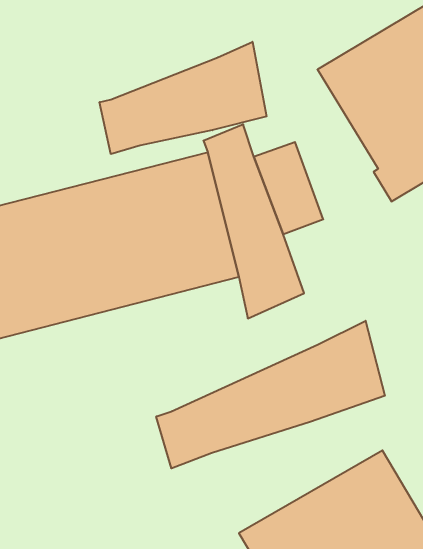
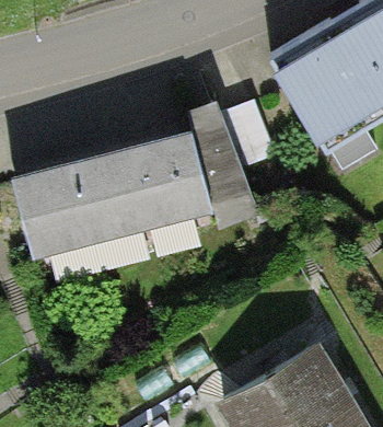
building: [100,42,267,154] -> none
building: [156,321,385,468] -> none

